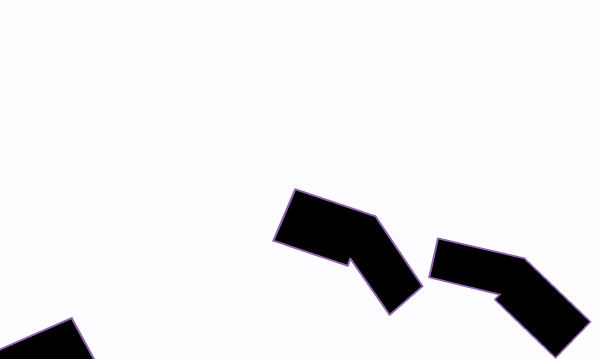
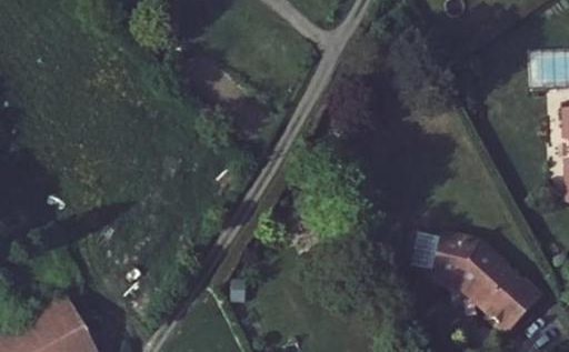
building: [273,189,422,315] -> none

